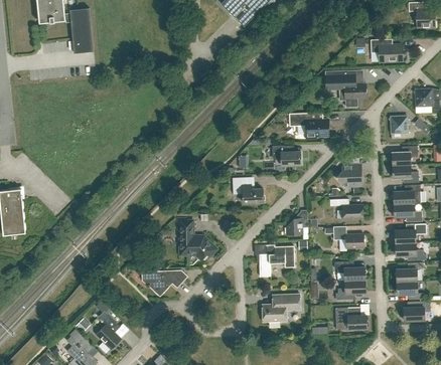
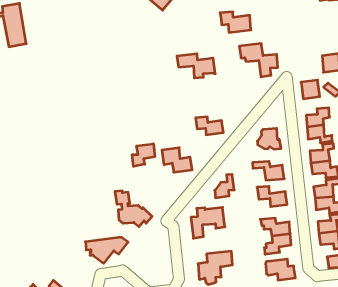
building: [370,39,402,61] -> [220,12,251,32]
building: [288,113,328,139] -> [177,54,215,78]
building: none -> [132,144,155,166]

